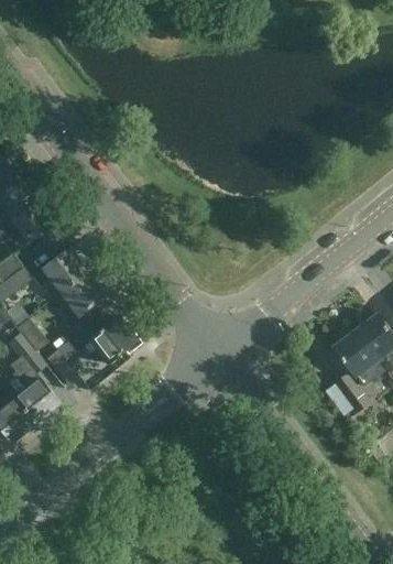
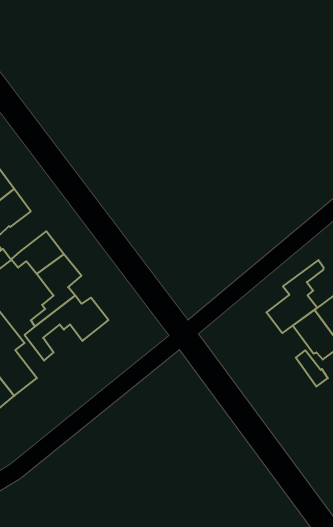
building: none -> [266,260,324,333]

